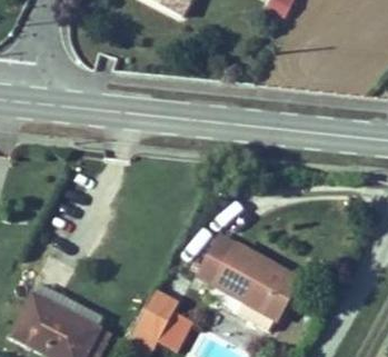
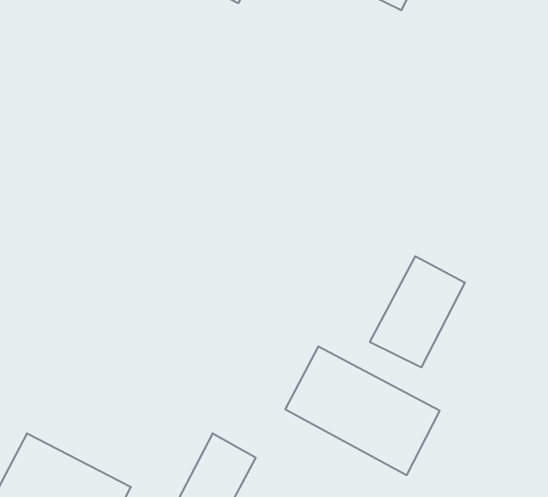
building: none -> [370,256,465,367]

